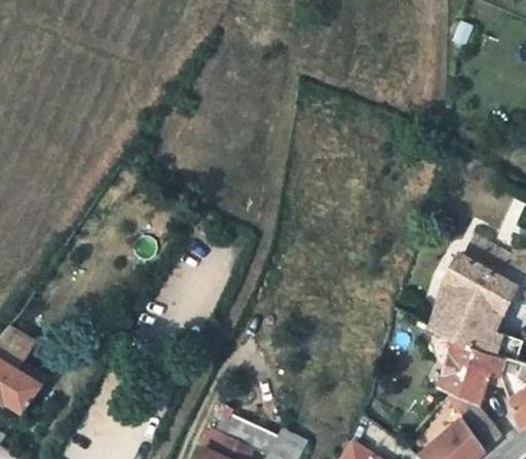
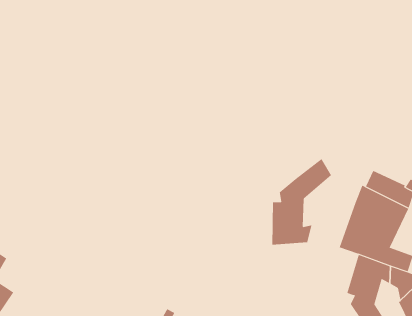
building: none -> [272,158,332,245]

